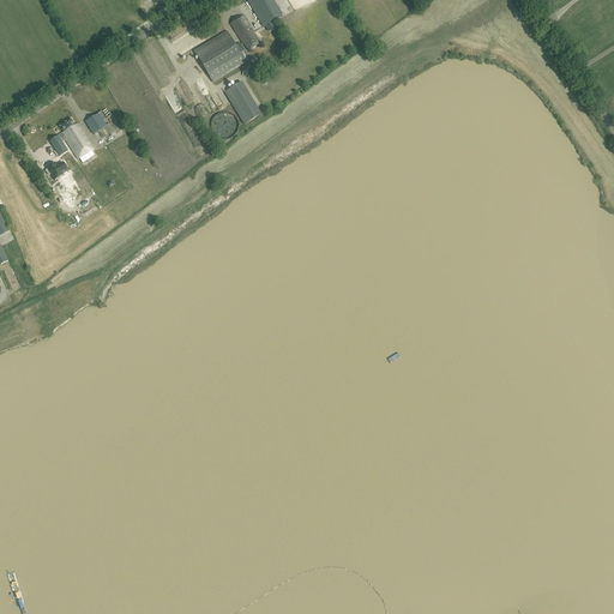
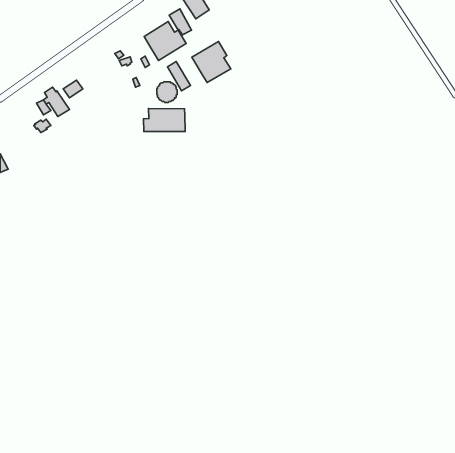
building: none -> [192,41,231,83]
building: none -> [144,109,185,132]

